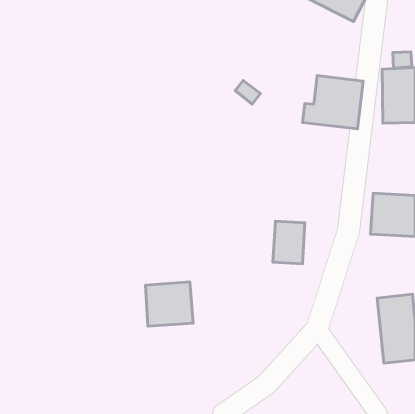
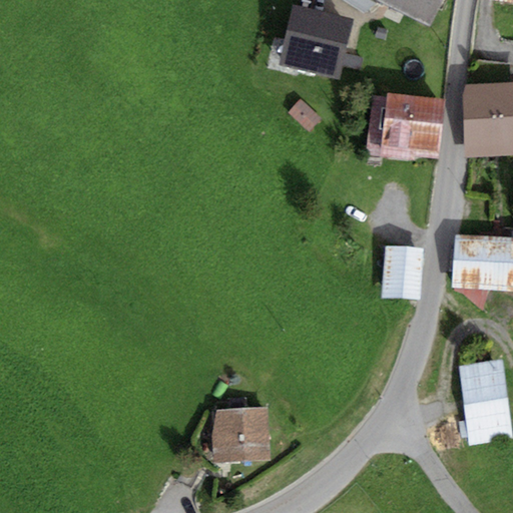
building: none -> [279,4,351,75]
building: [273,221,305,264] -> [382,243,421,296]
building: [145,282,193,326] -> [212,410,271,464]

